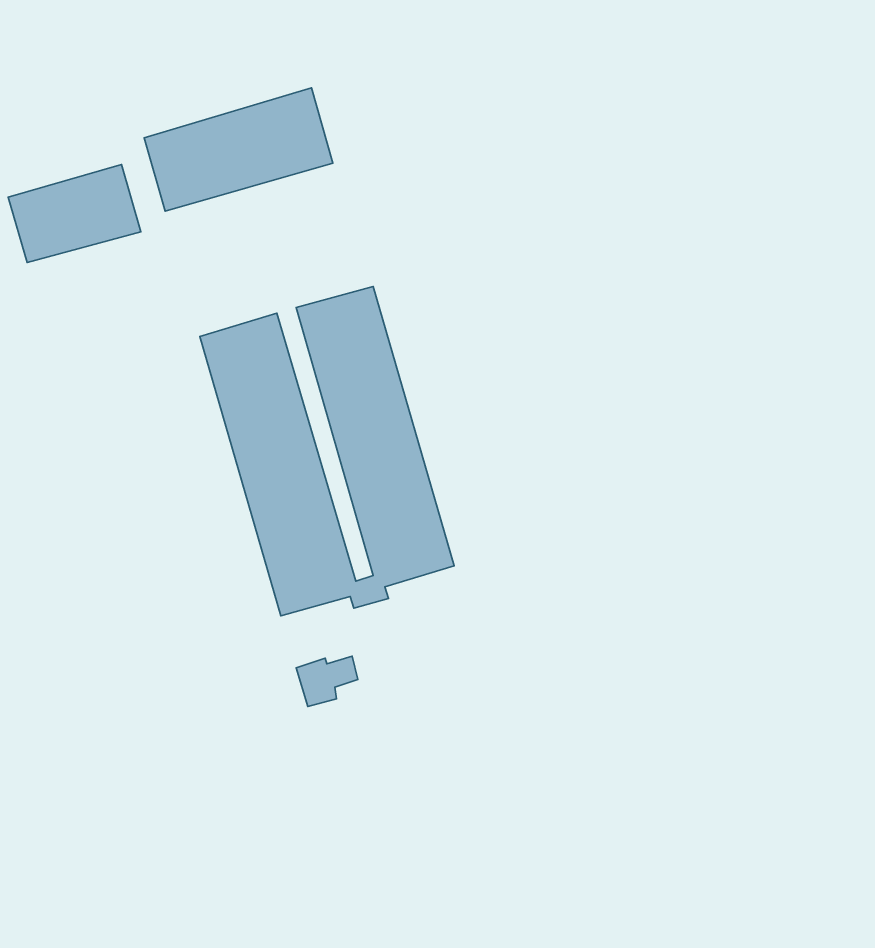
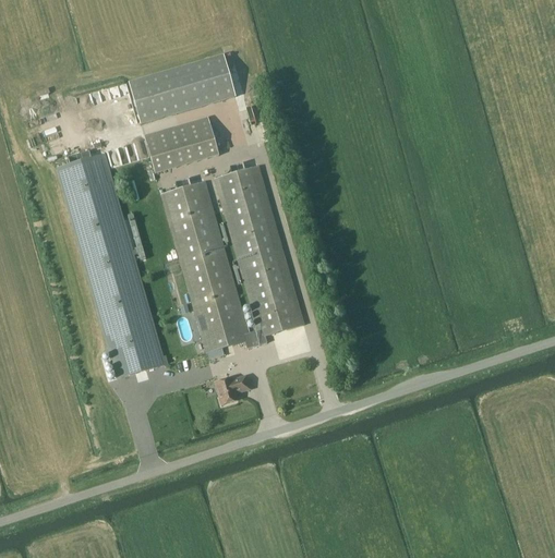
building: [8,164,141,263] -> [144,116,219,171]
building: none -> [57,153,165,377]

